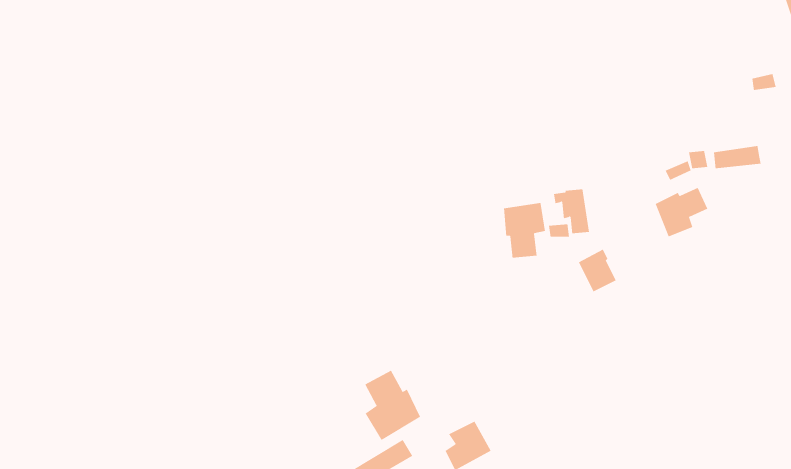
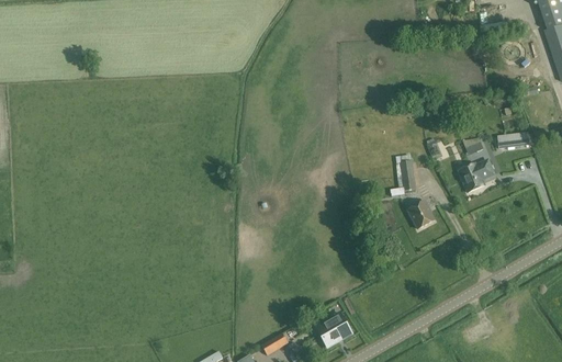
building: [504,202,545,259] -> none
building: [364,370,421,441] -> none

